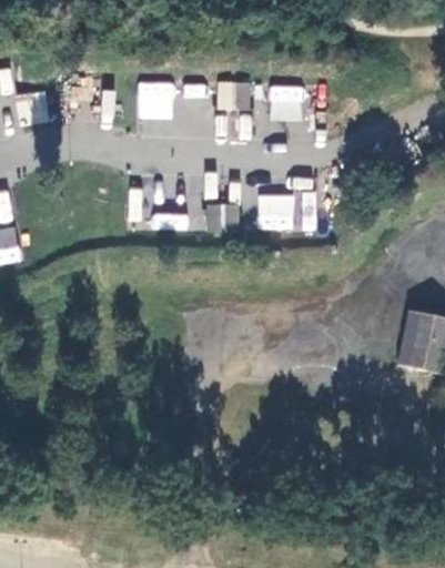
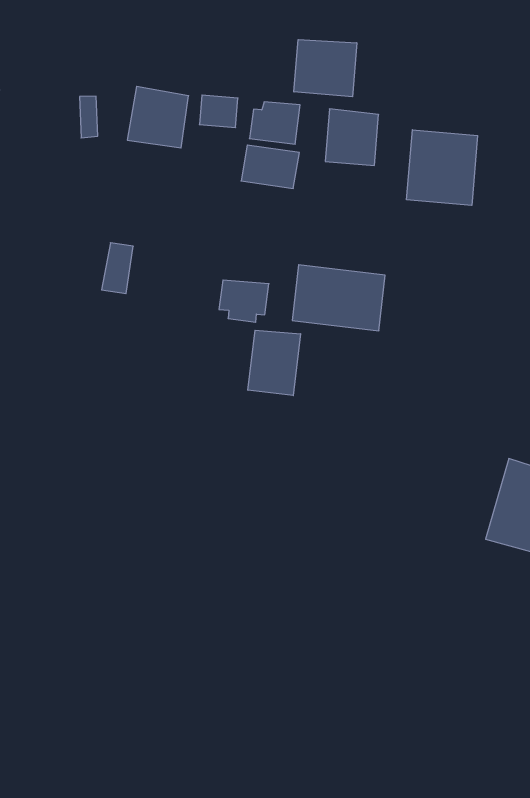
building: none -> [294,40,357,97]
building: none -> [407,130,478,205]
building: none -> [248,330,301,396]

